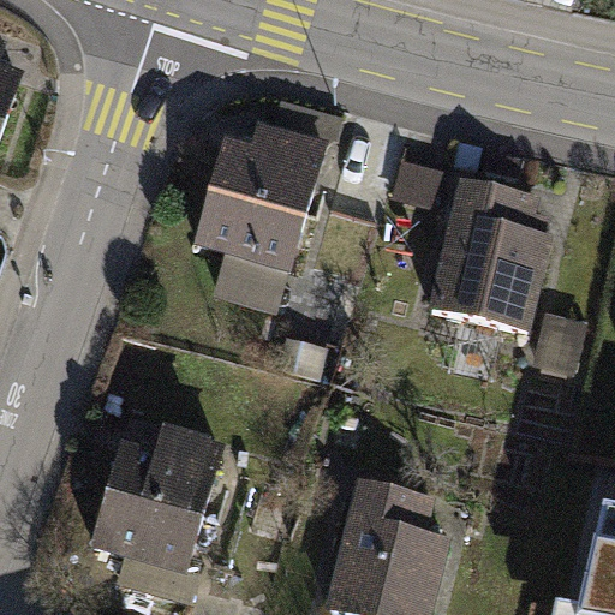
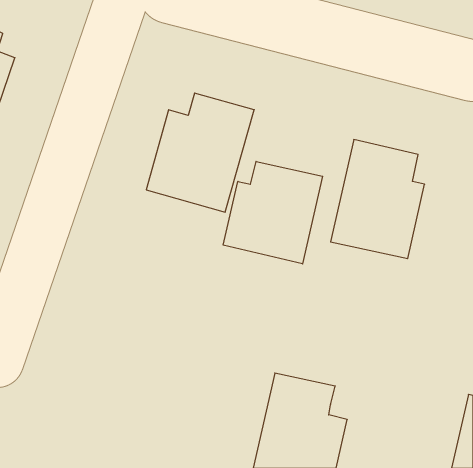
building: none -> [223,161,323,264]
building: [91,430,227,577] -> none

